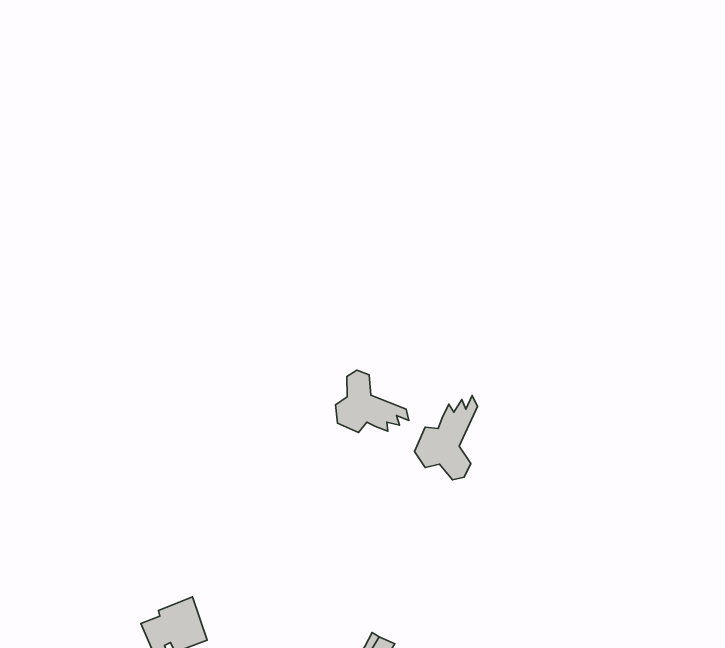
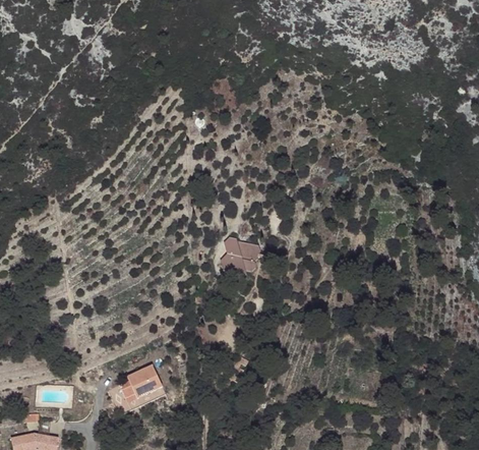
building: [415,396,477,480] -> none

